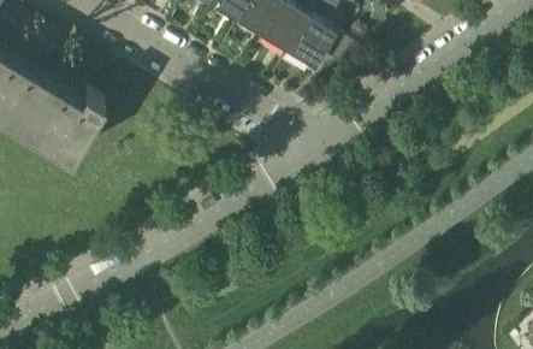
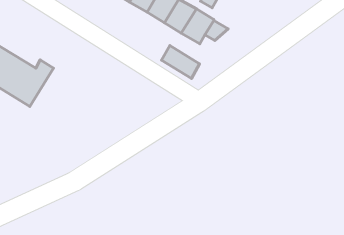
building: none -> [161,45,200,79]

